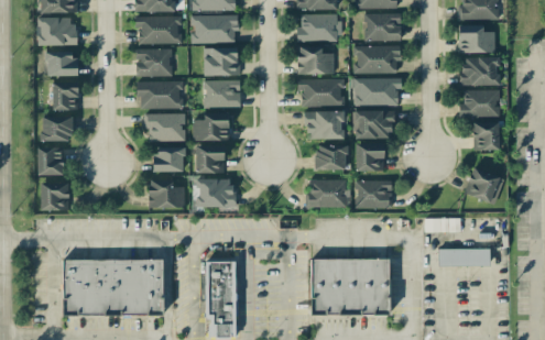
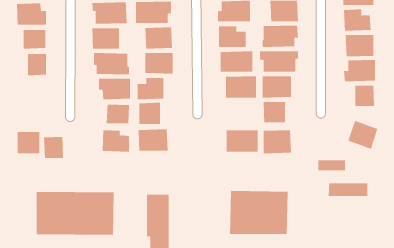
building: [42,116,73,141] -> none
building: [316,144,350,169] -> none
building: [37,146,64,175] -> [43,136,64,159]

